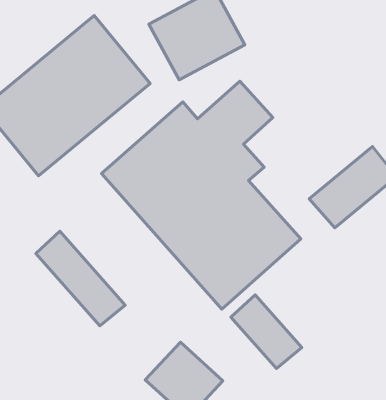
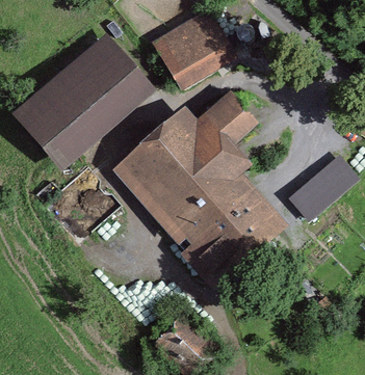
building: [36,231,125,326] -> none
building: [231,295,302,369] -> none

